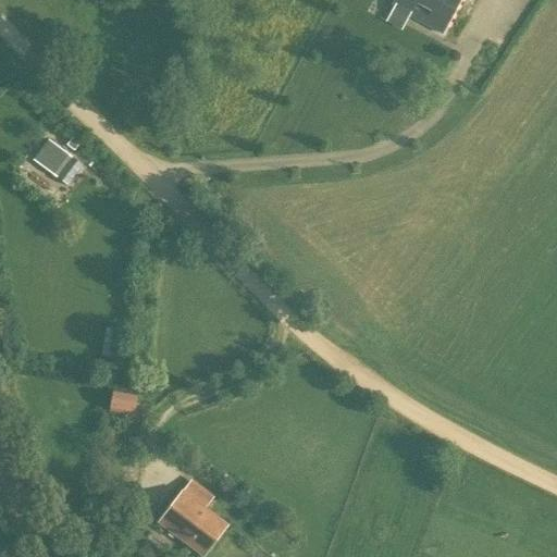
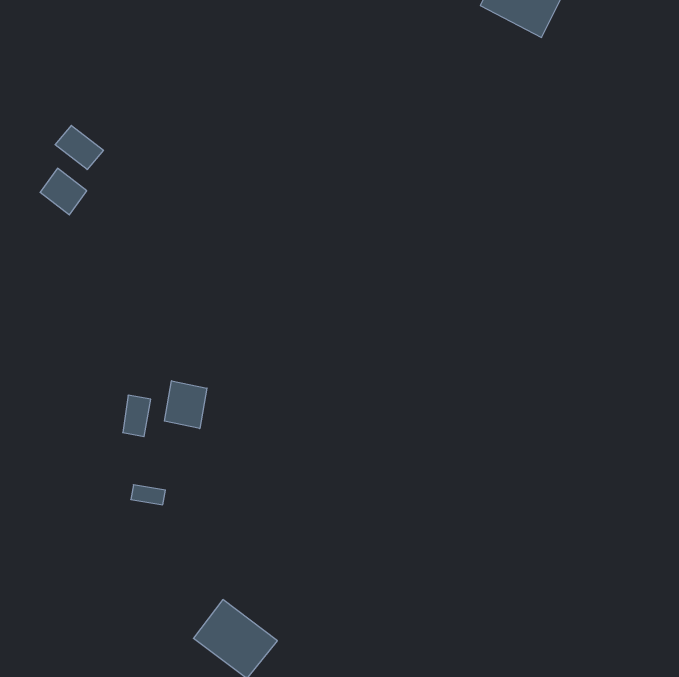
building: none -> [55,125,103,170]
building: none -> [164,381,207,429]

